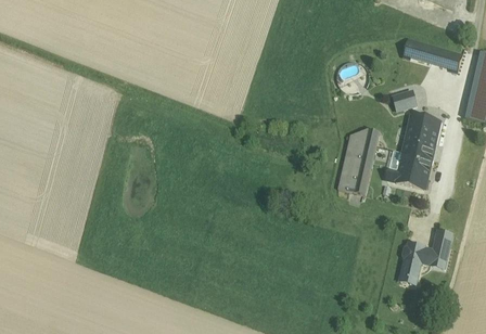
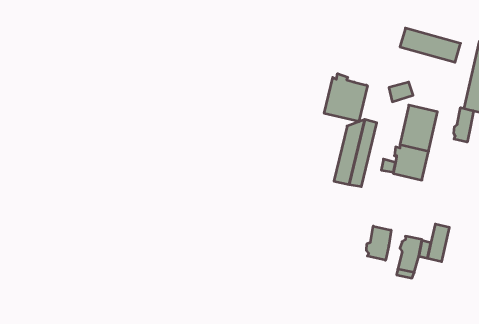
building: none -> [324,74,367,122]
building: none -> [454,108,473,142]
building: none -> [366,226,391,260]

